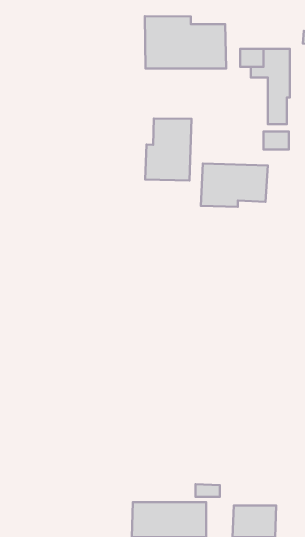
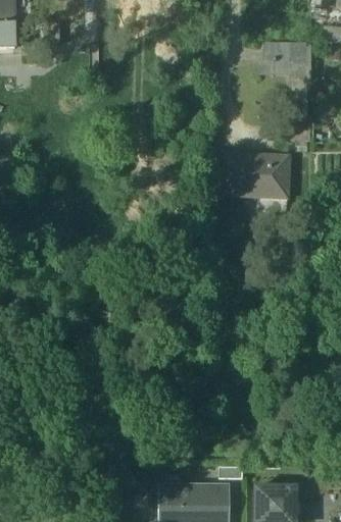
building: [145,16,226,69] -> none
building: [145,119,192,180] -> none

